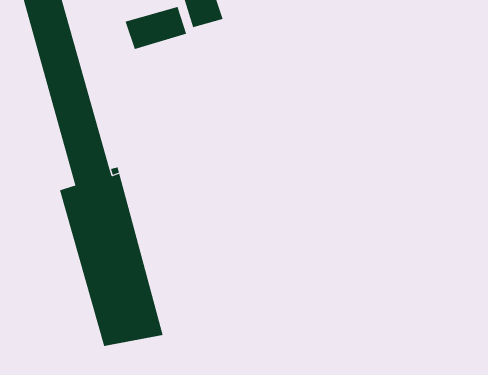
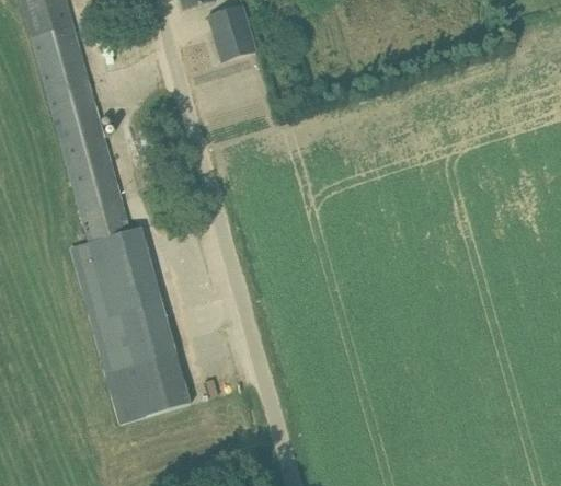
building: [125,6,187,50] -> none

